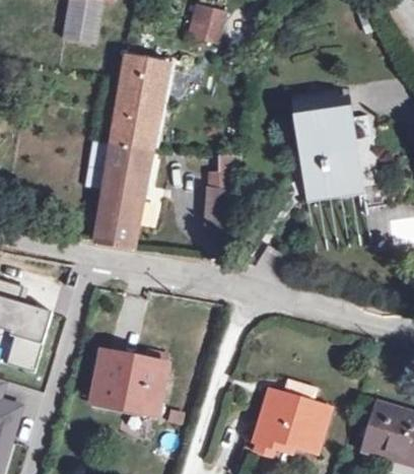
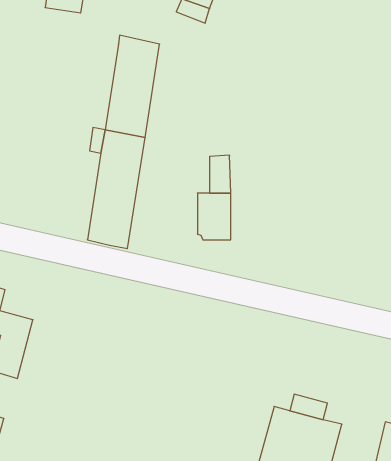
building: [298,107,367,202] -> none
building: [92,355,169,413] -> none

